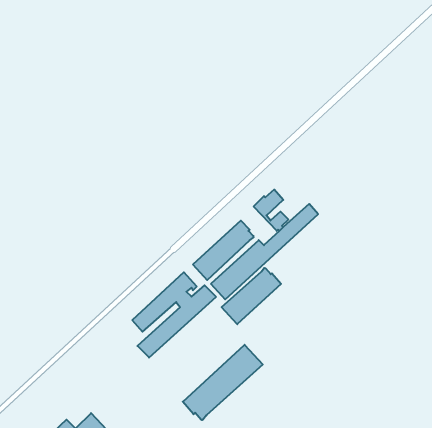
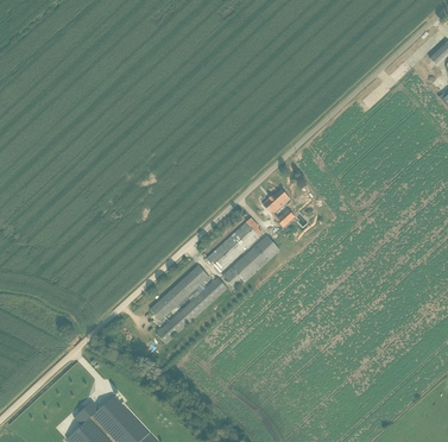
building: [222,268,281,324] -> none
building: [183,345,263,420] -> none

